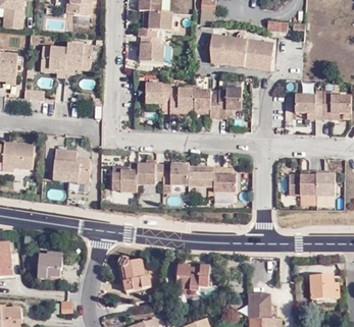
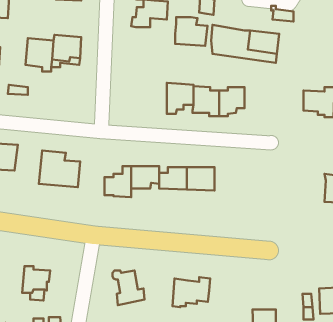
building: [141,37,170,63] -> [175,17,207,46]
building: [147,84,170,113] -> none
building: [213,165,235,189] -> none
building: [287,176,316,197] -> none

